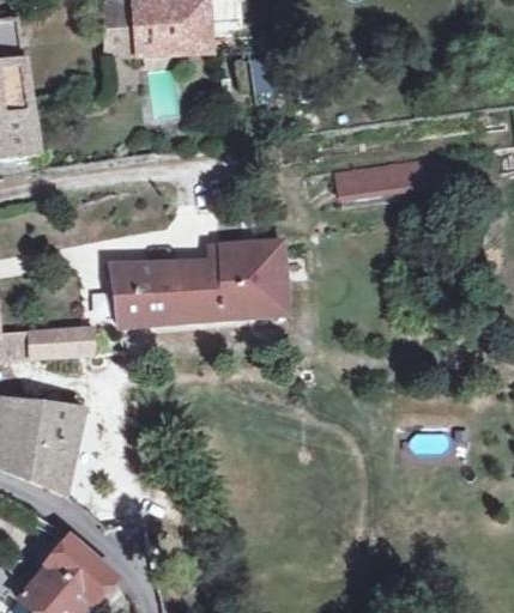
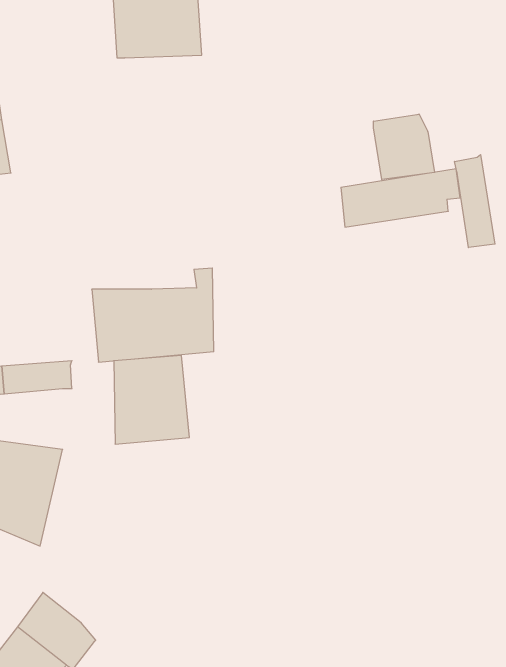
building: none -> [373,114,435,180]
building: none -> [455,155,495,248]
building: [220,238,289,318] -> [114,355,189,444]

